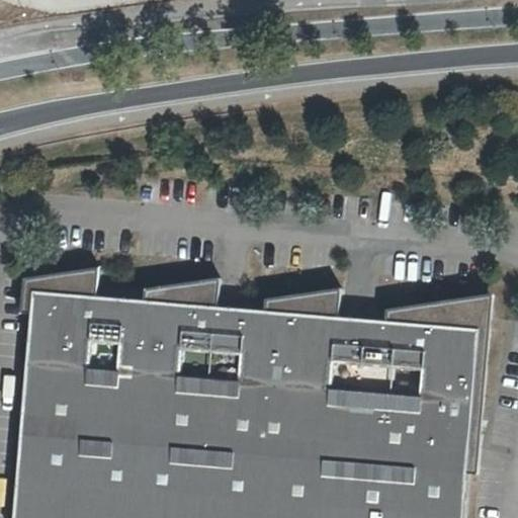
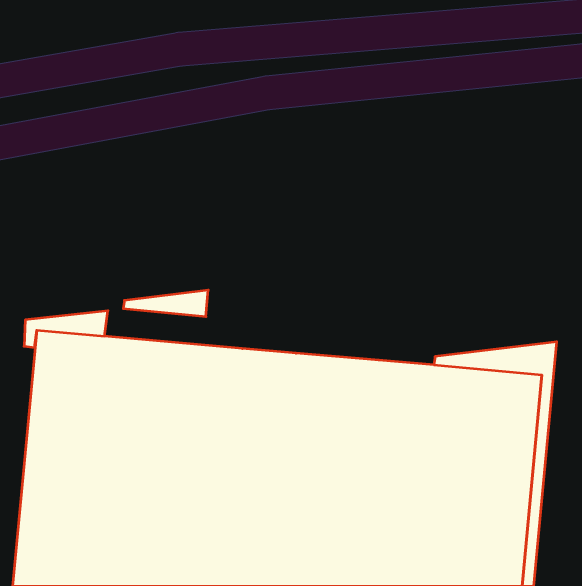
building: [141,284,215,308] -> [123,290,208,317]
building: [261,295,336,318] -> none

